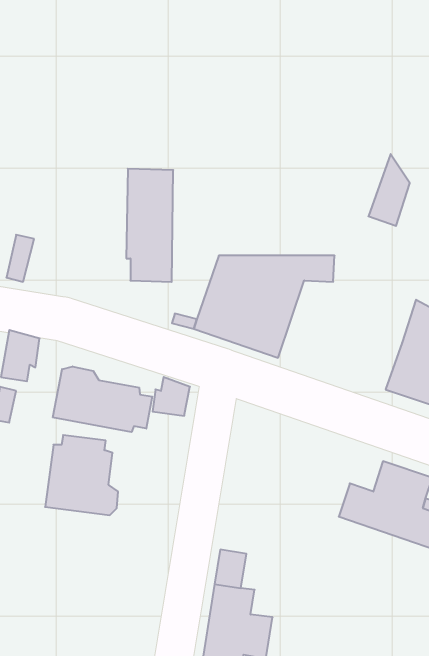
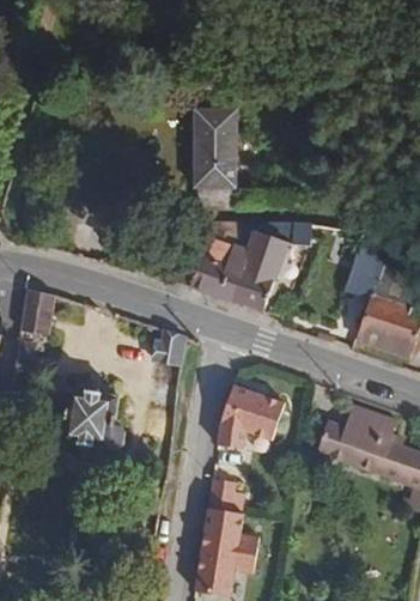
building: [368,154,410,226] -> [347,237,383,299]
building: [126,169,173,282] -> [195,110,236,208]
building: [53,366,152,432] -> none
building: none -> [218,384,285,449]

